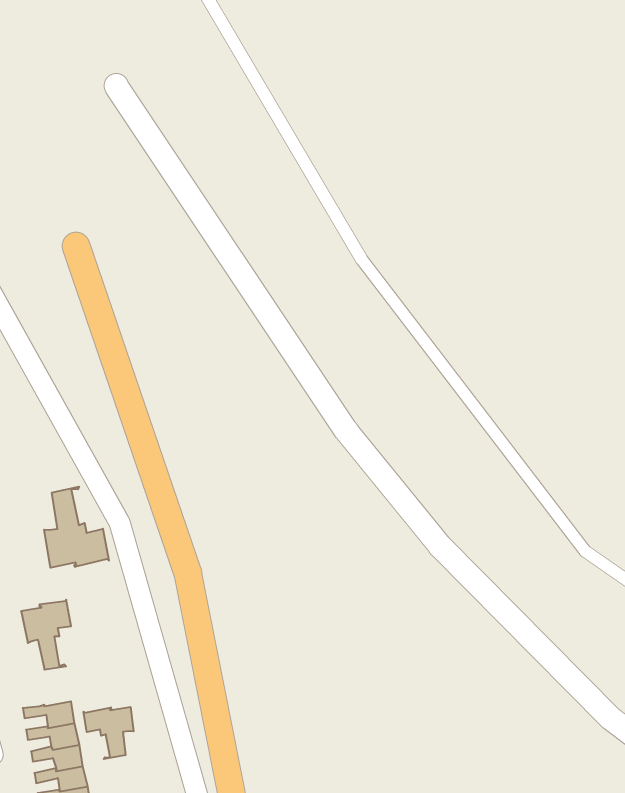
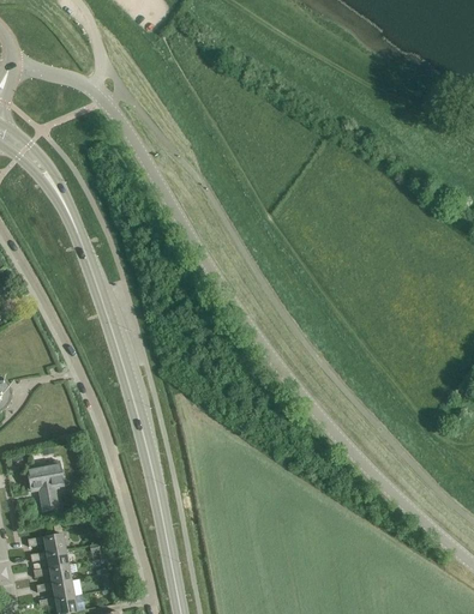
building: [44,487,109,568] -> none
building: [84,707,134,759] -> none

